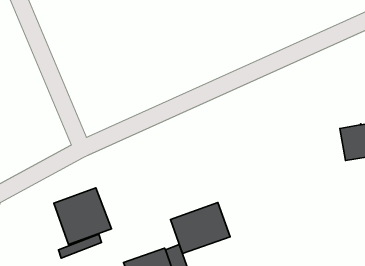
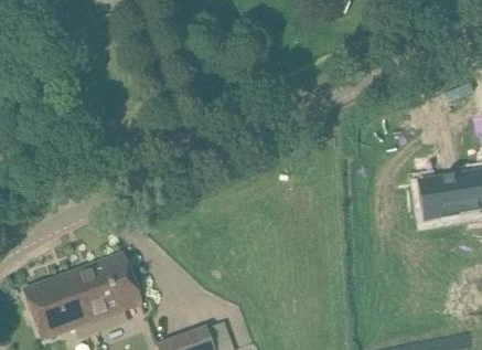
building: [171,202,230,253] -> none
building: none -> [24,271,90,338]

